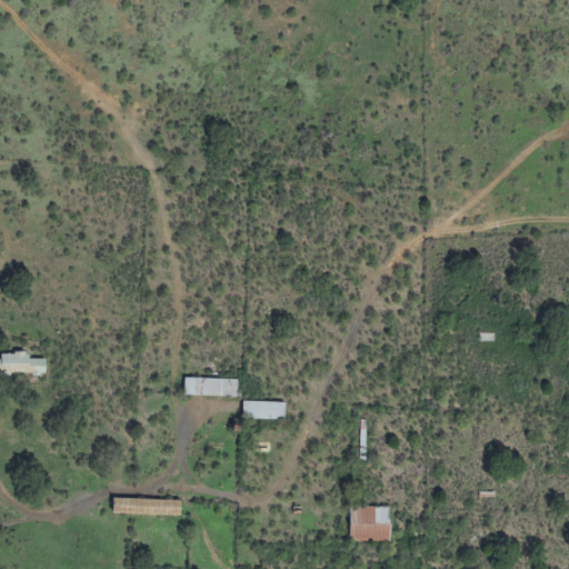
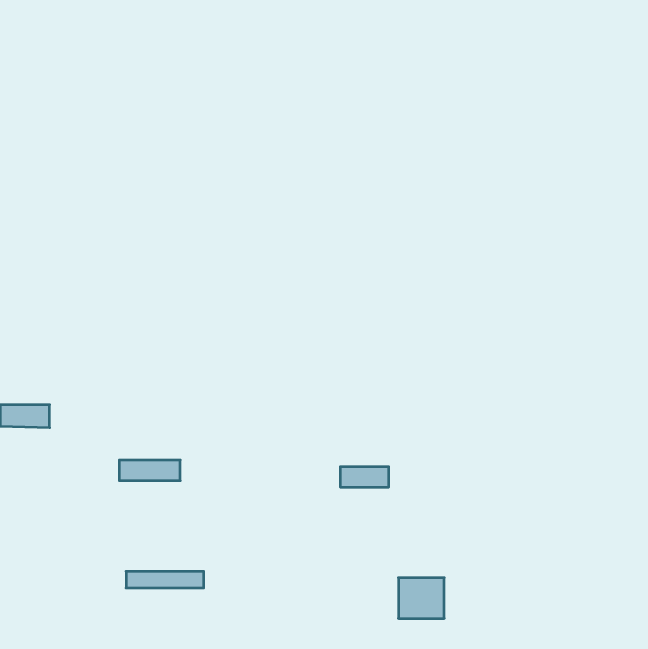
building: [184,377,238,395] -> [119,460,180,481]
building: [243,400,286,418] -> [340,467,389,487]

